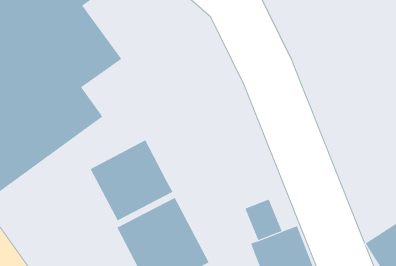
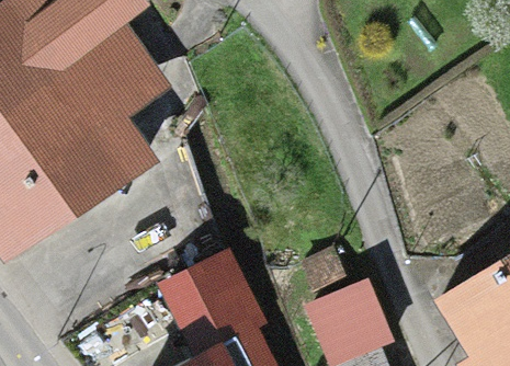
building: [90,140,173,221] -> none

